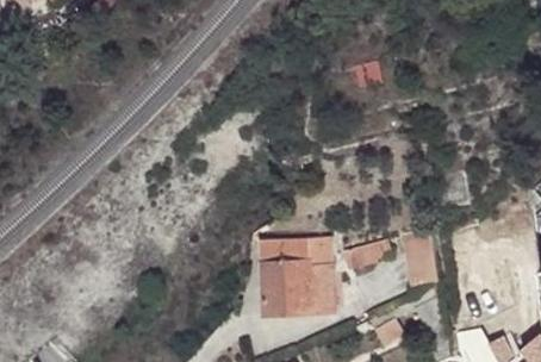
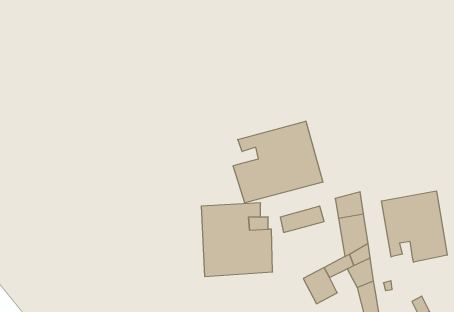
building: none -> [233,121,323,203]
building: none -> [381,191,447,262]

